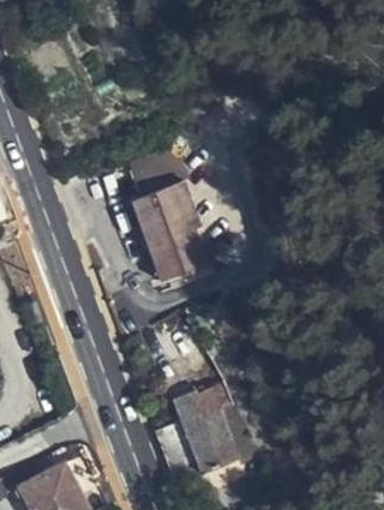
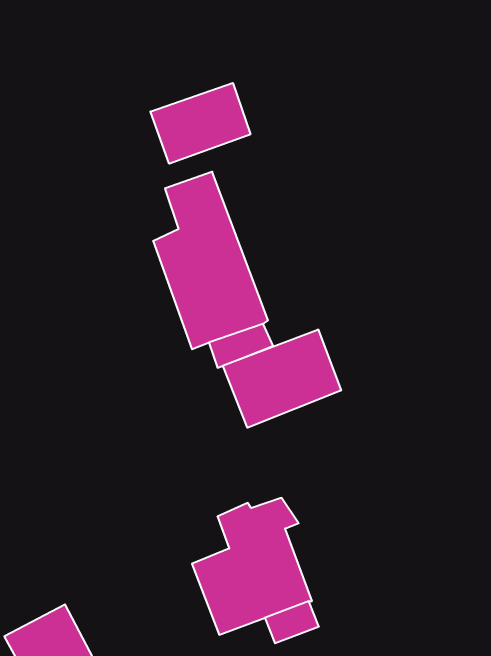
building: none -> [150,83,250,164]
building: none -> [223,329,341,428]

